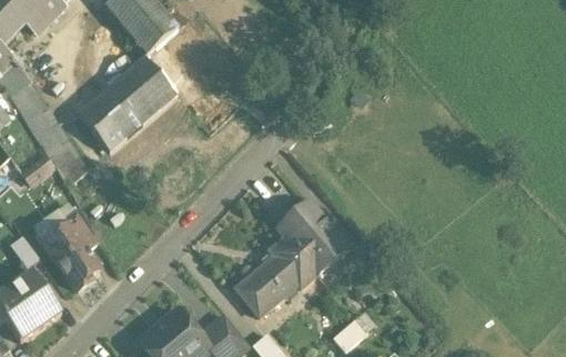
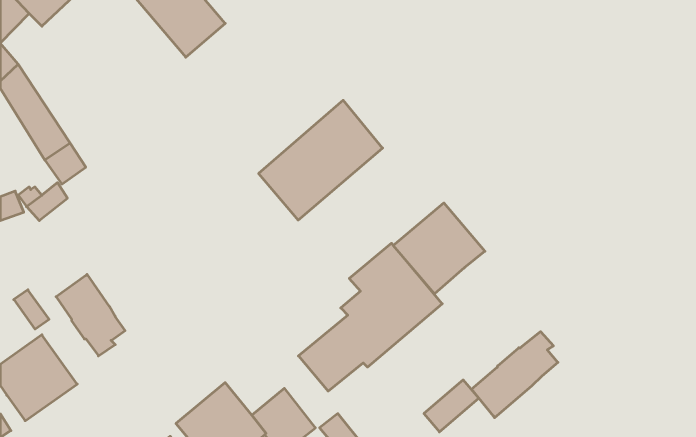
building: [78,54,175,149] -> [259,100,383,220]
building: none -> [393,203,485,294]
building: [63,206,99,249] -> none
building: none -> [472,332,558,418]

